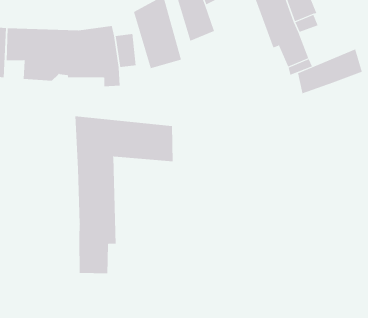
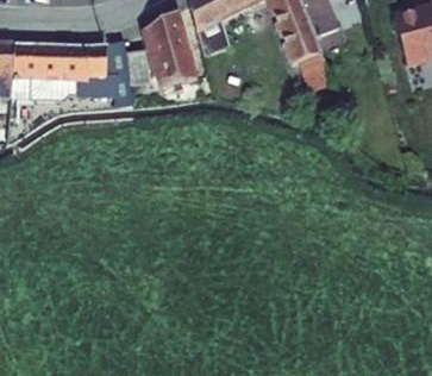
building: [297,49,363,94] -> none
building: [75,116,173,274] -> none

